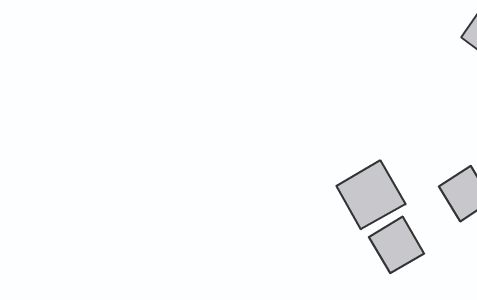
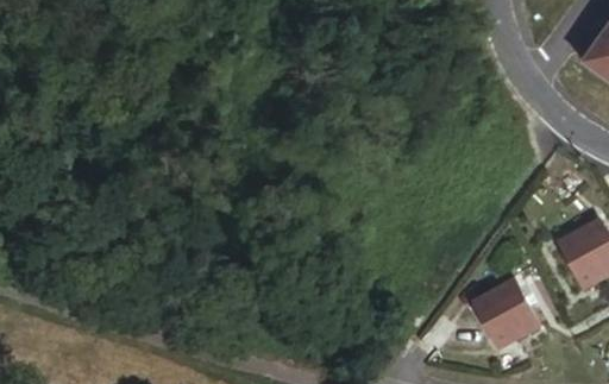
building: [336,160,406,229] -> none

